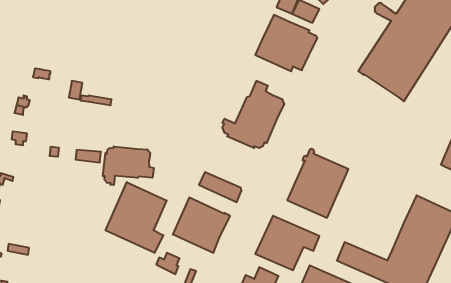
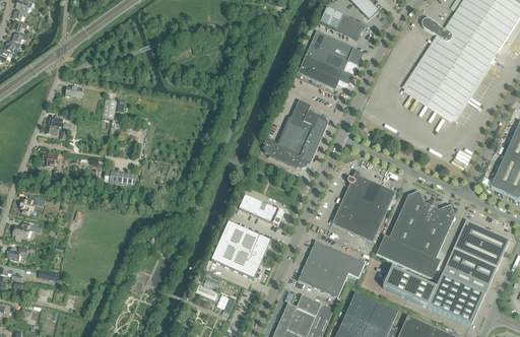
building: [103,146,154,185] -> none
building: none -> [376,191,455,279]
building: [106,182,167,253] -> none

